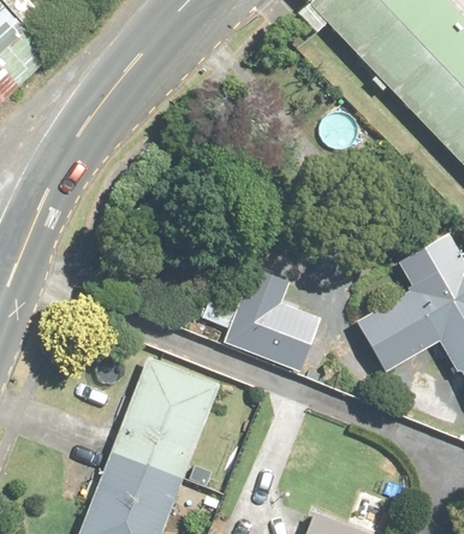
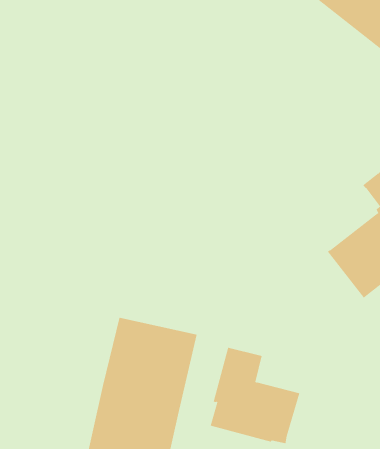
building: [228,271,320,372] -> [210,347,300,444]

